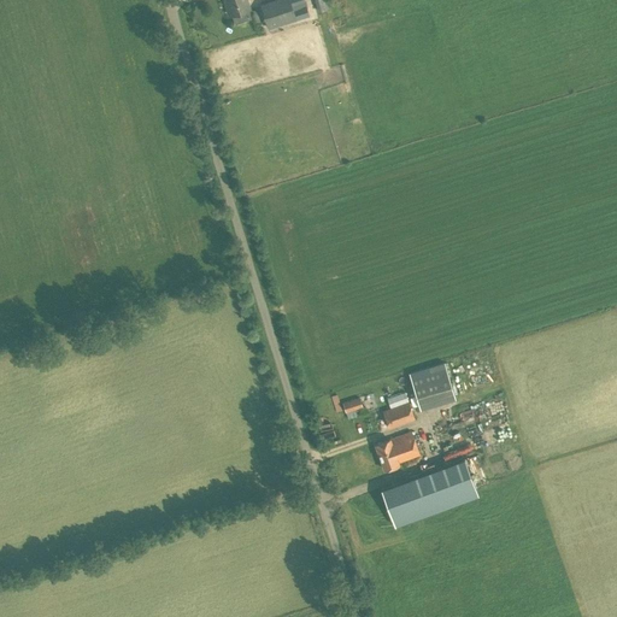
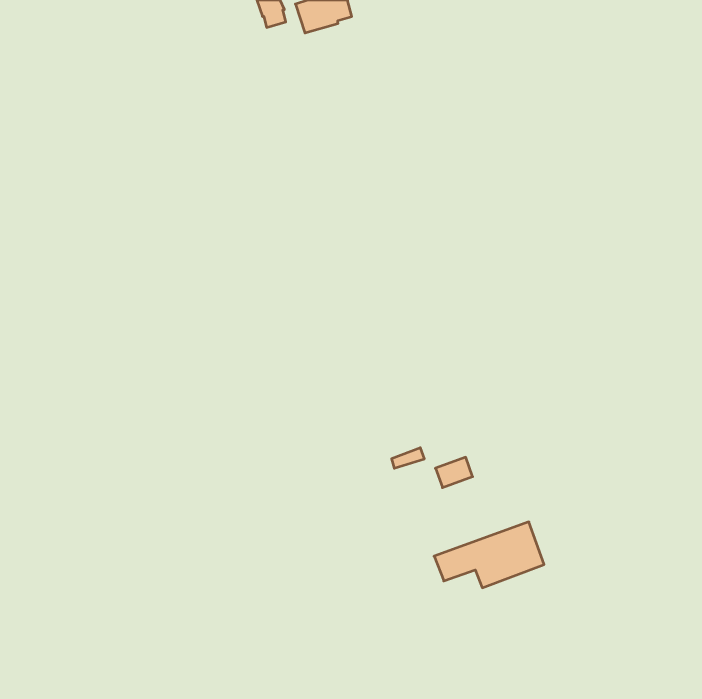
building: [409,364,456,411] -> none
building: [375,434,419,471] -> none

